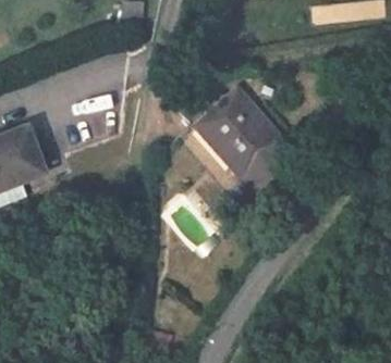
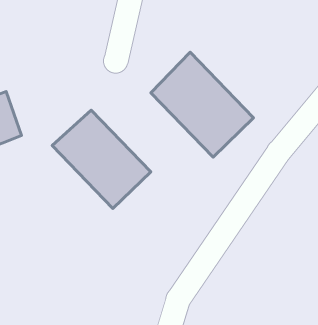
building: none -> [52,110,151,208]

